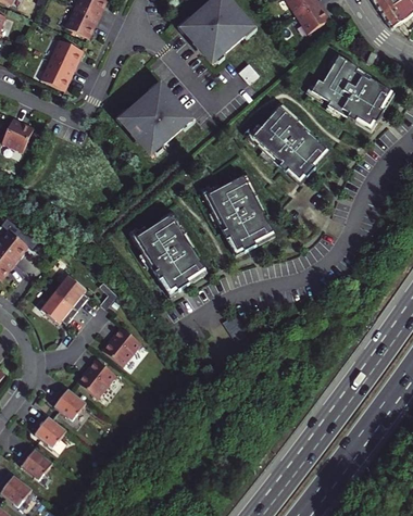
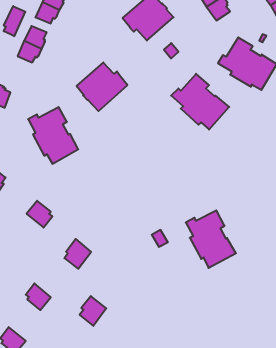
building: none -> [4,6,25,36]
building: [205,174,273,251] -> [186,210,236,268]
building: [133,216,200,292] -> [28,107,78,164]
building: [39,292,76,325] -> none
building: [79,358,115,399] -> [80,296,106,326]
building: [32,413,65,449] -> none

